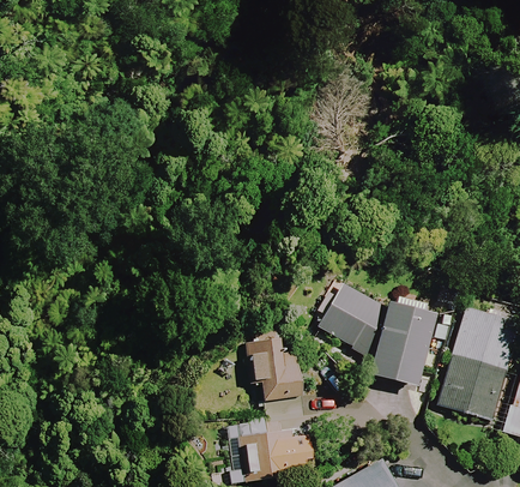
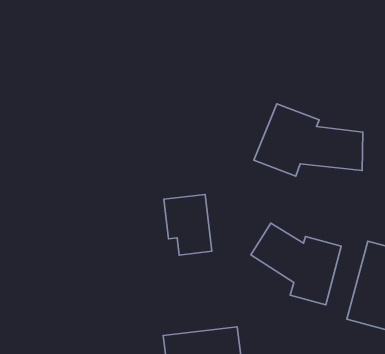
building: none -> [254,104,363,176]
building: [246,326,306,402] -> [164,194,212,255]

